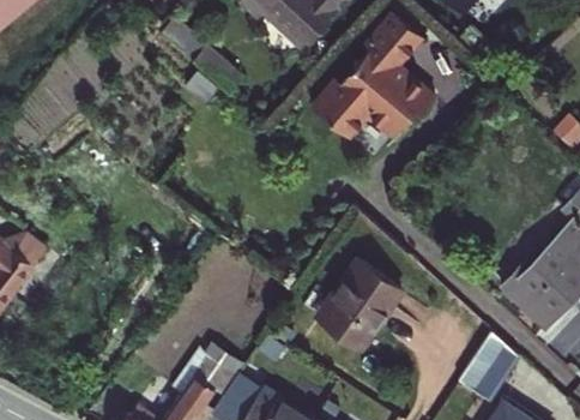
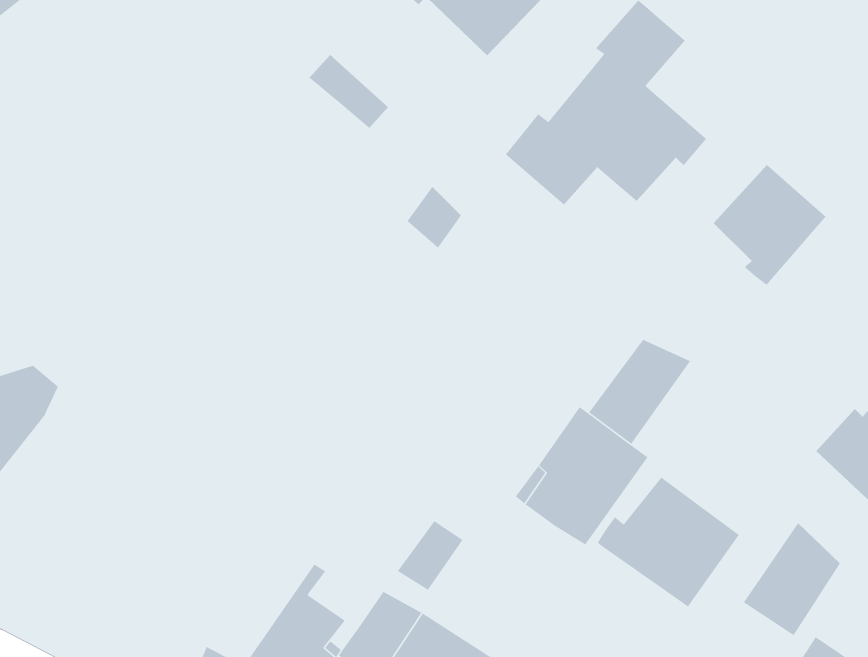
building: none -> [713,164,826,286]
building: none -> [588,339,691,445]
building: none -> [597,477,740,607]
building: [193,347,244,397] -> none

